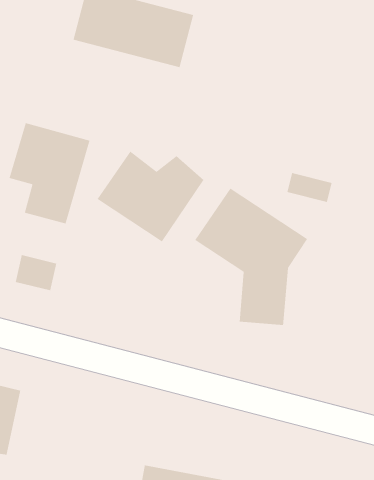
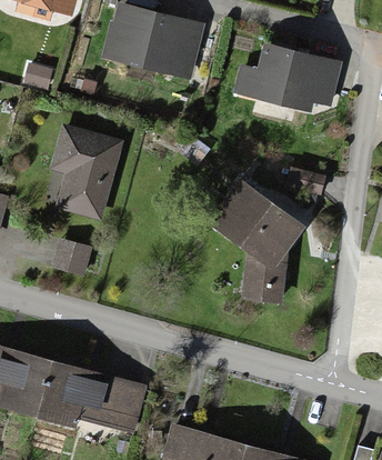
building: none -> [239,49,349,134]
building: [96,151,205,242] -> none
building: none -> [46,360,132,423]

